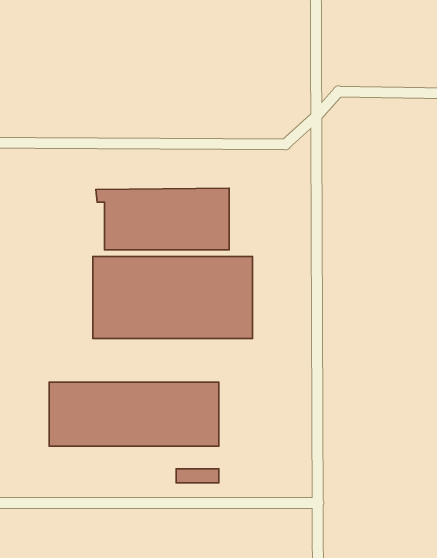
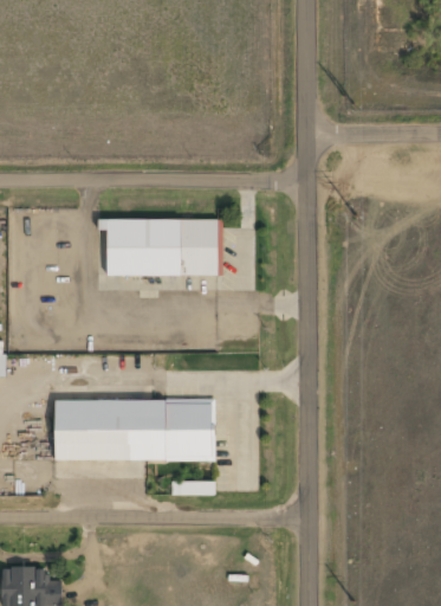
building: [93,257,252,338] -> none

